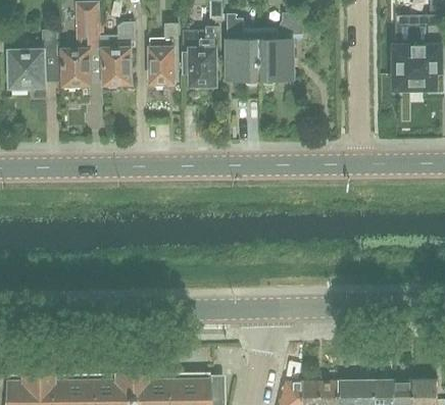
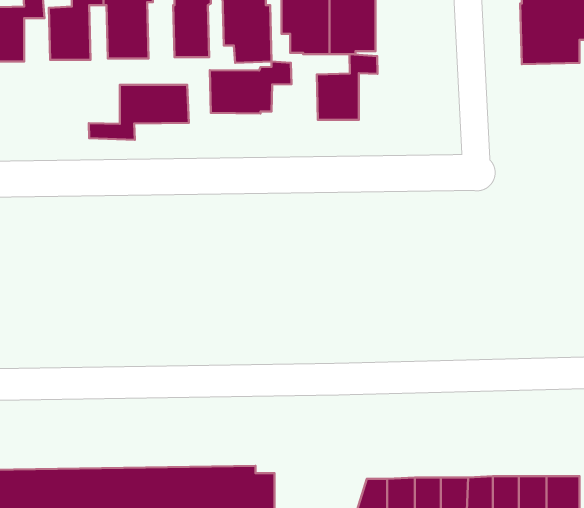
building: none -> [317,54,378,120]
building: none -> [210,61,291,113]
building: none -> [89,85,189,140]

